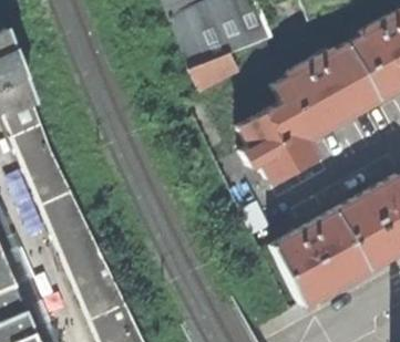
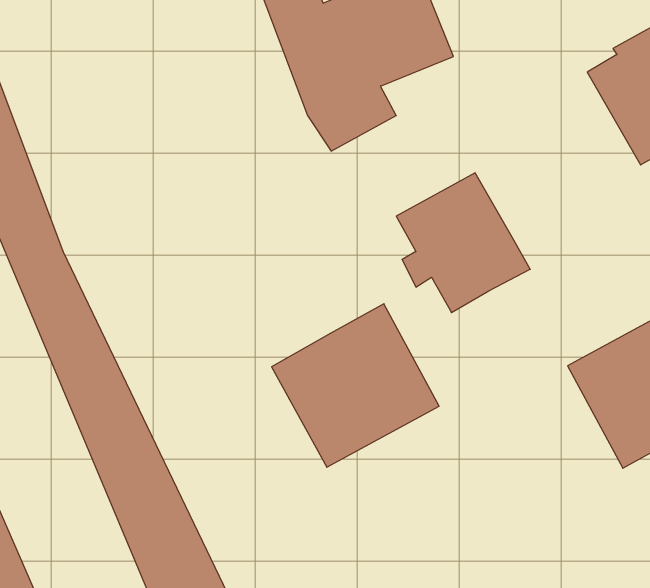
building: [275,48,377,141] -> none
building: [273,213,367,304] -> [272,304,439,467]

